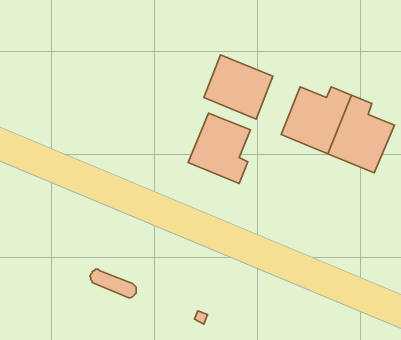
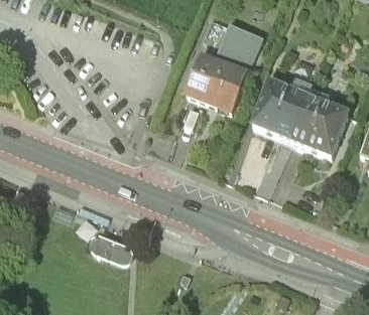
building: none -> [218,25,260,74]
building: [188,113,251,183] -> none

